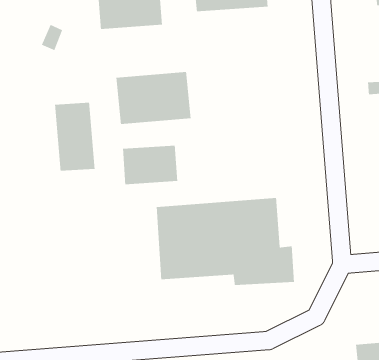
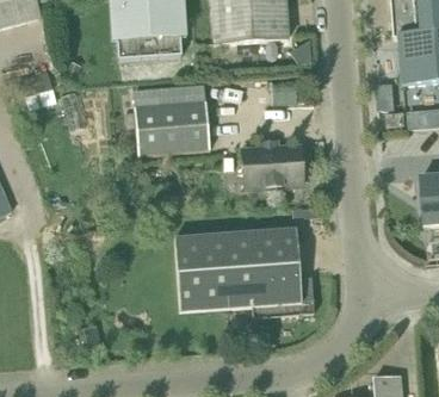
building: [54,102,95,172] -> none
building: [122,145,178,185] -> [241,145,297,186]

